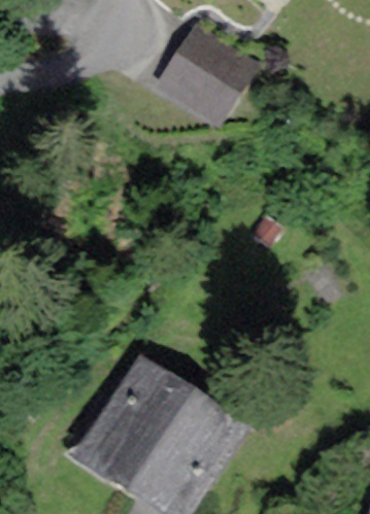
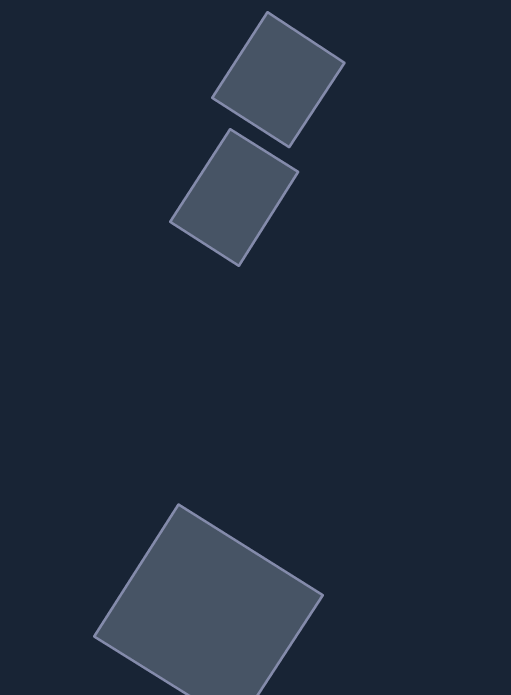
building: none -> [170,129,298,266]

